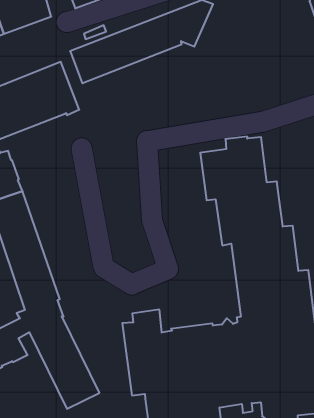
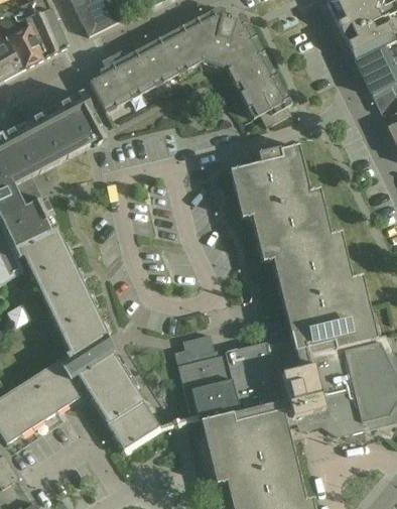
building: none -> [215,16,291,125]

